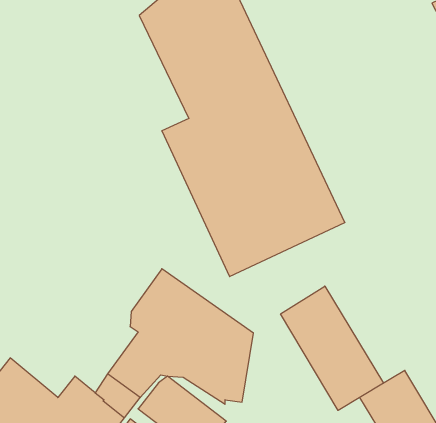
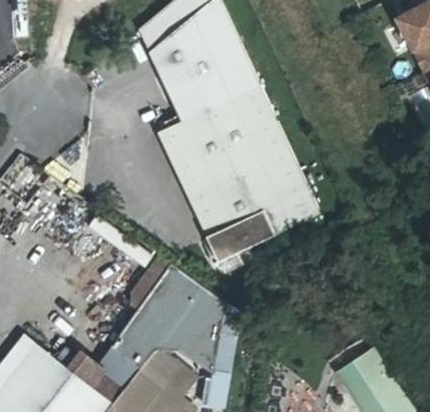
building: [281,286,383,410] -> none

